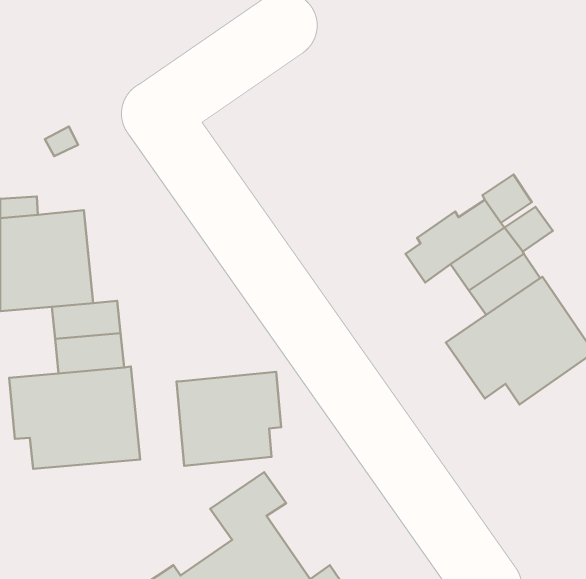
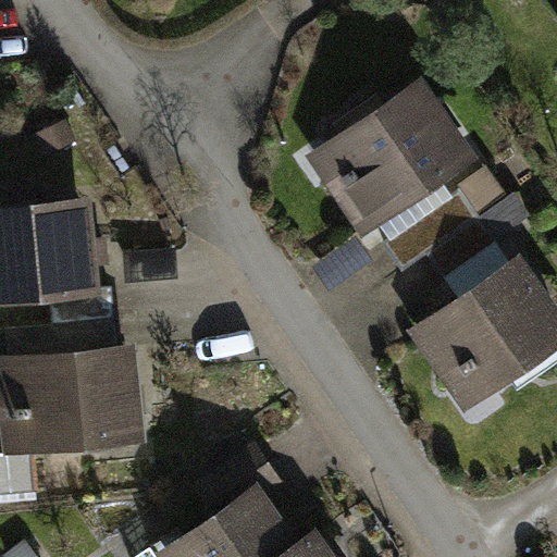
building: none -> [332,92,466,230]
building: [177,372,281,466] -> none

